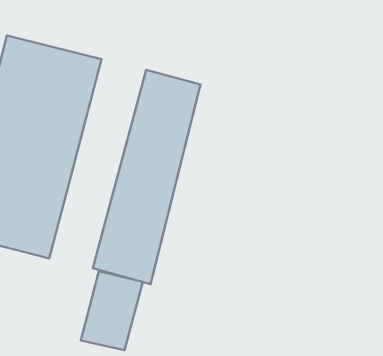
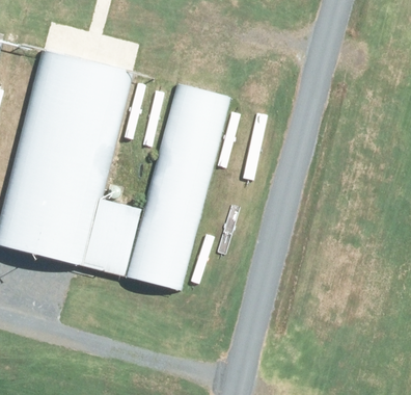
building: [81,271,143,350] -> [83,199,143,275]

